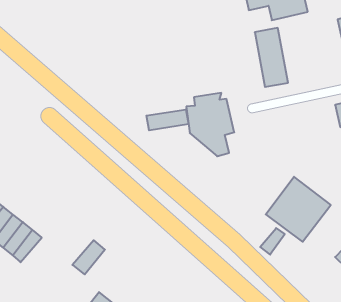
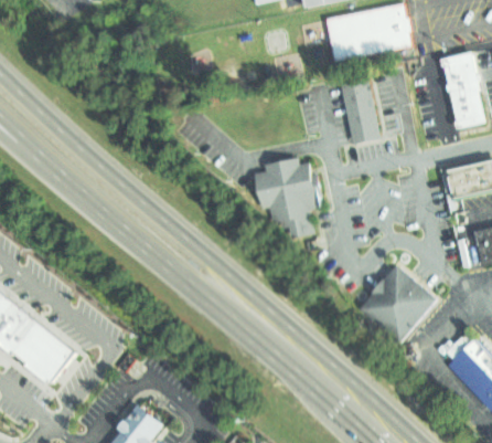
building: [146,109,189,130] -> none
building: [260,228,285,255] -> none
building: [72,240,105,274] -> [36,341,78,386]

